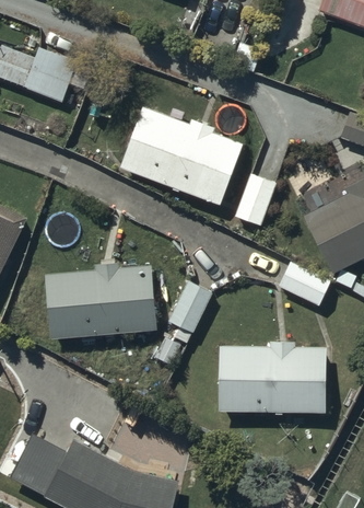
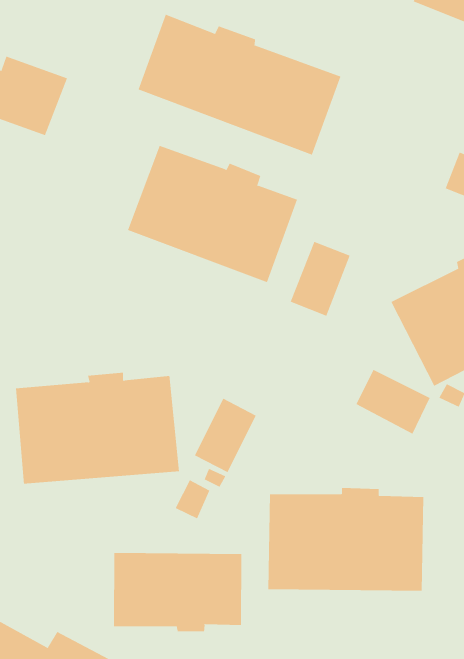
building: none -> [138,14,341,155]
building: none -> [113,552,242,632]

